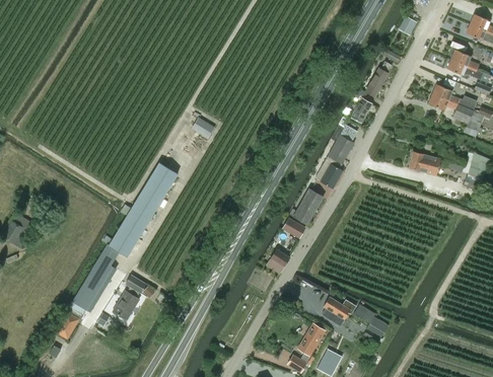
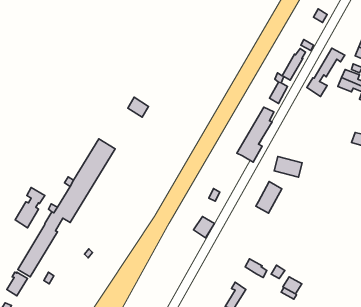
building: none -> [307,48,345,97]
building: [409,152,440,175] -> [274,156,302,177]
building: [293,188,323,224] -> [256,182,282,213]
building: [113,275,146,320] -> [15,187,45,228]

